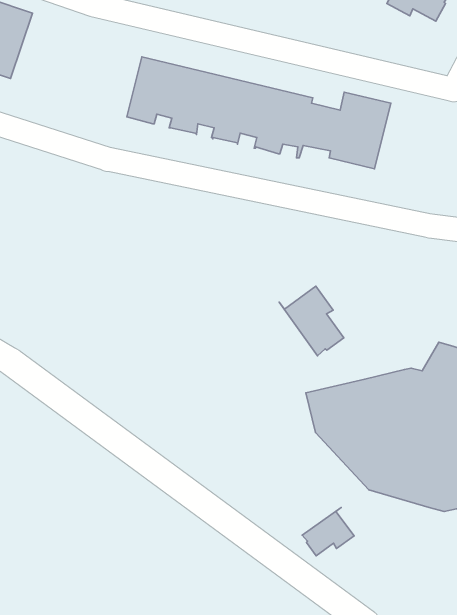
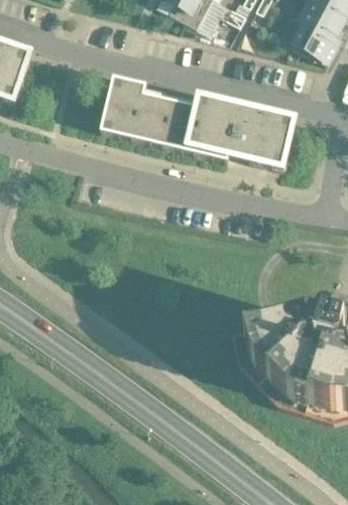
building: [279,286,344,356] -> none
building: [302,507,354,556] -> none

